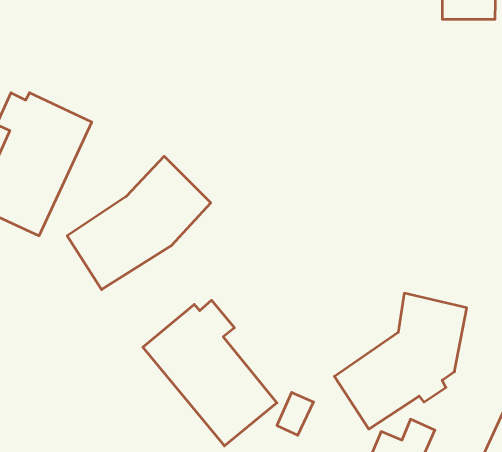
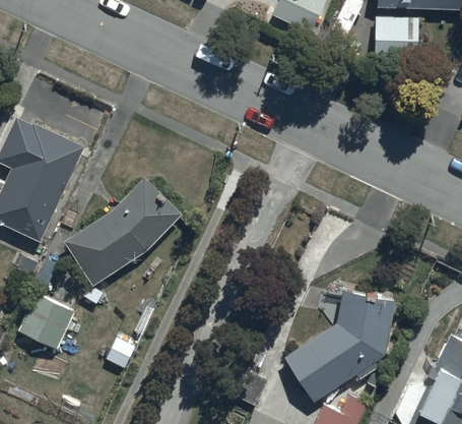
building: [143,300,277,446] -> none
building: none -> [18,295,73,349]

